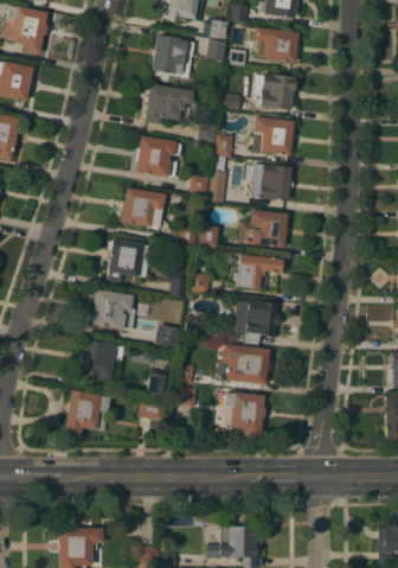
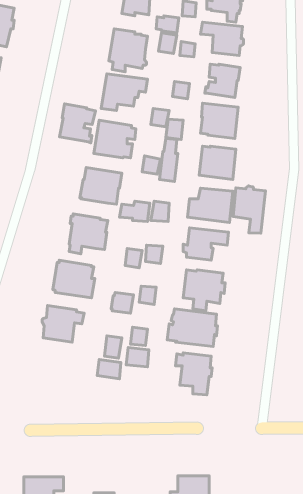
building: none -> [59,104,95,143]
building: none -> [233,186,265,233]
building: [64,390,110,435] -> none

